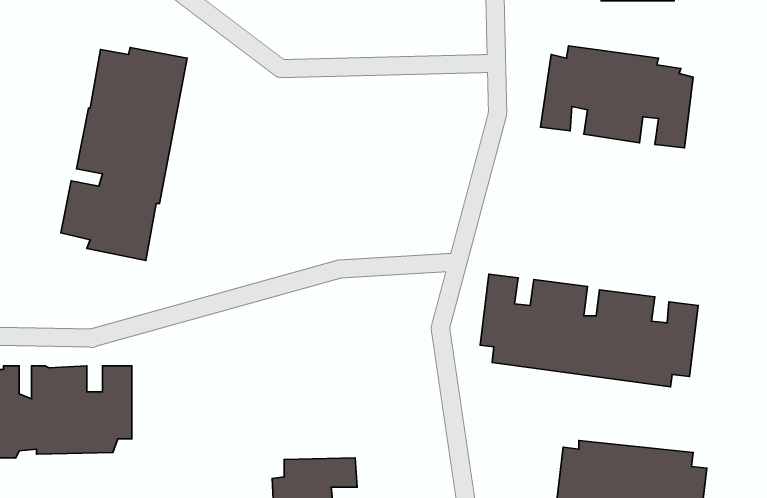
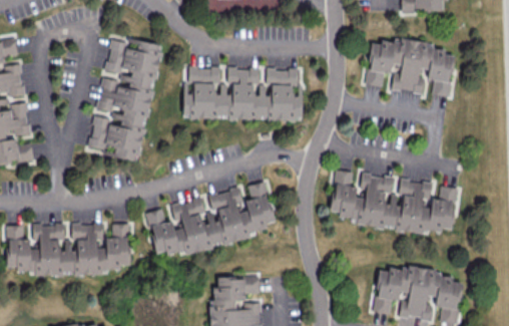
building: none -> [183,66,303,120]
building: none -> [146,181,275,255]

